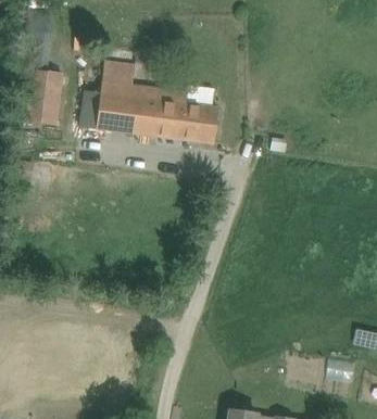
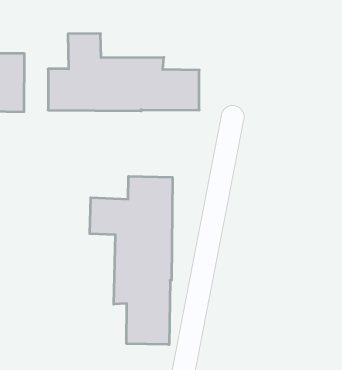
building: none -> [90,176,172,345]

